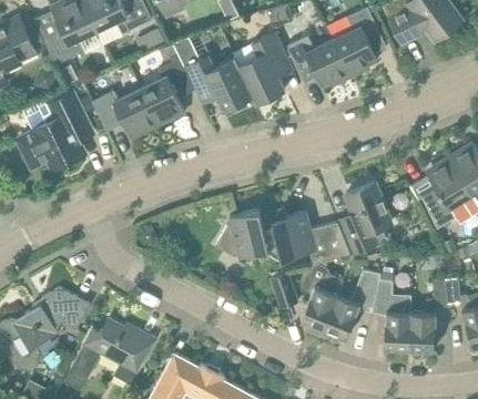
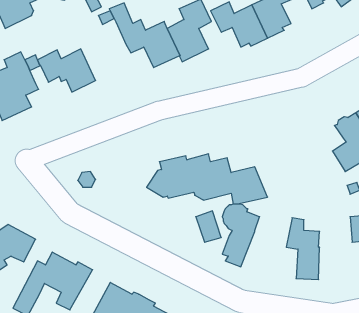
building: [141,59,192,124] -> none
building: [345,183,391,253] -> none
building: [322,269,380,341] -> none
building: [409,278,447,350] -> none

